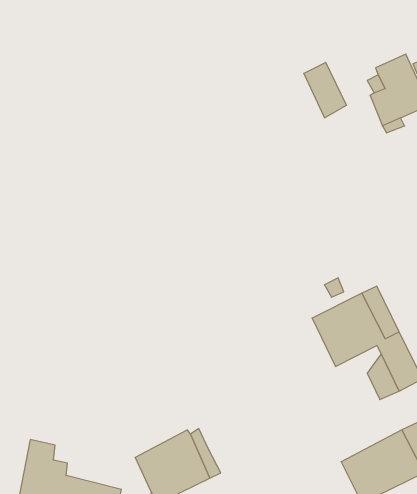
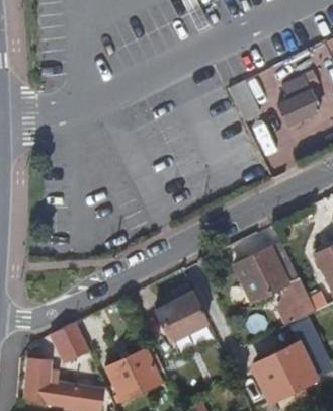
building: none -> [155,290,205,342]
building: none -> [50,322,88,363]

